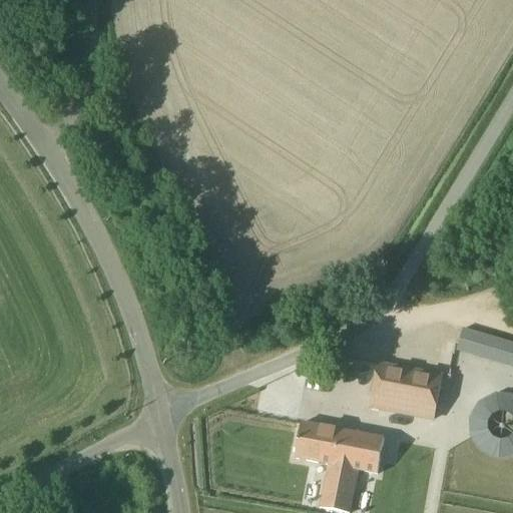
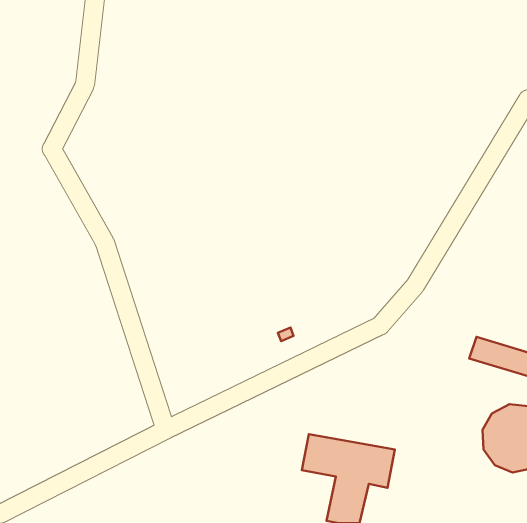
building: [370,362,441,417] -> none

